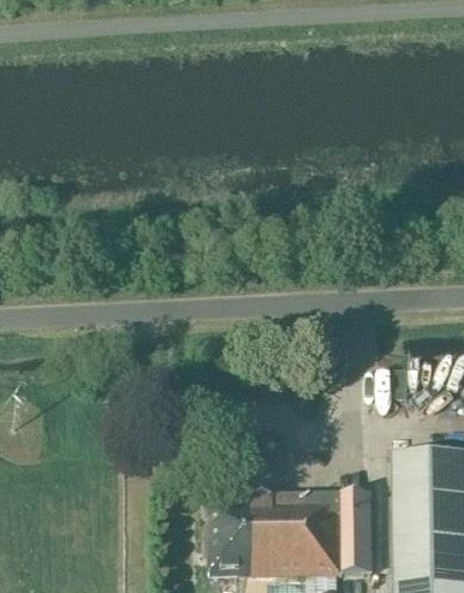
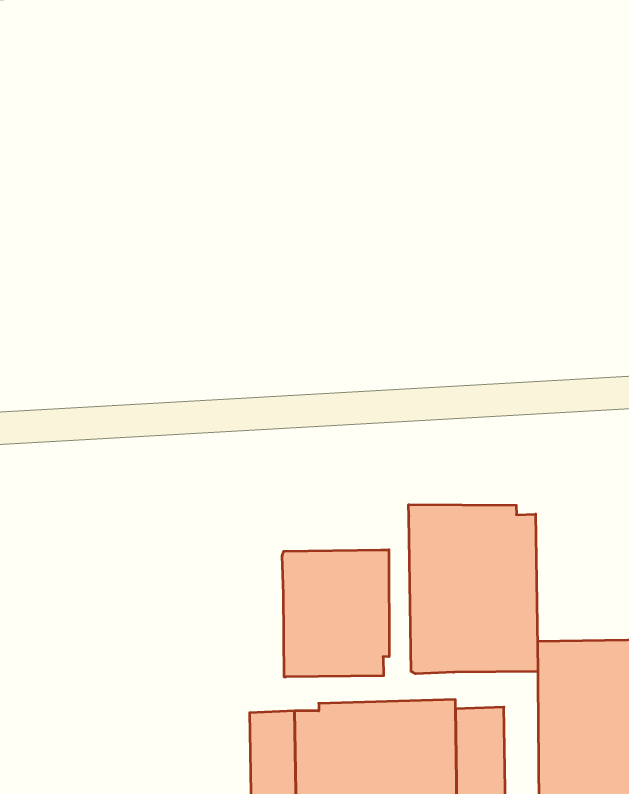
building: none -> [409,505,538,674]
building: none -> [282,550,389,677]

